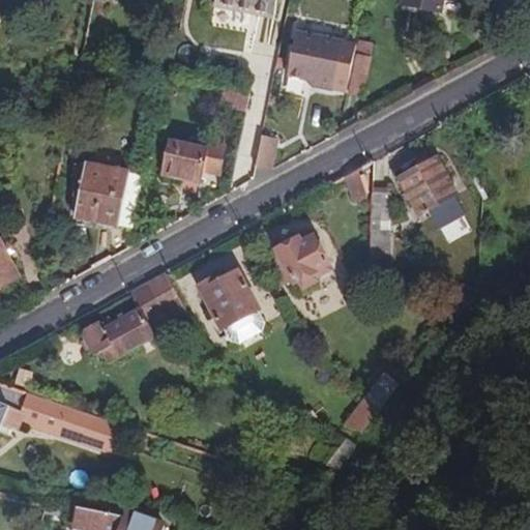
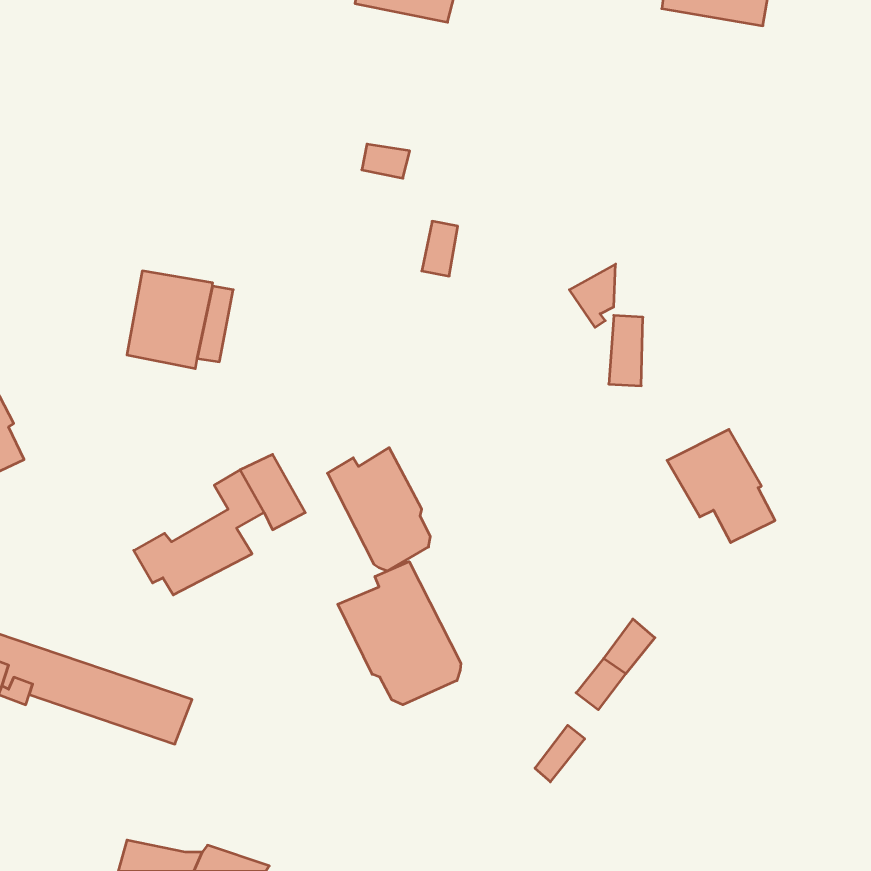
building: [287,29,356,88] -> none
building: [160,140,223,180] -> none
building: [395,158,461,227] -> [667,429,775,543]
building: [275,237,326,288] -> none
building: none -> [338,562,461,705]

